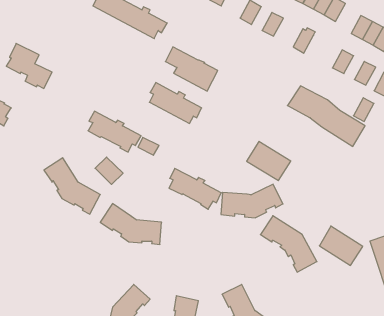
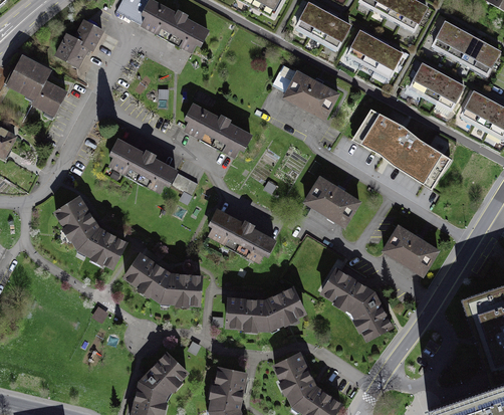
building: none -> [311,11,336,40]
building: none -> [56,21,102,65]
building: none -> [348,27,374,60]
building: none -> [375,46,402,75]
building: [165,47,218,91] -> [274,64,338,119]
building: [353,98,374,121] -> [425,71,450,100]
building: [95,157,123,184] -> none
building: [221,184,283,218] -> [228,287,304,329]
building: [319,226,363,265] -> [385,225,438,273]

